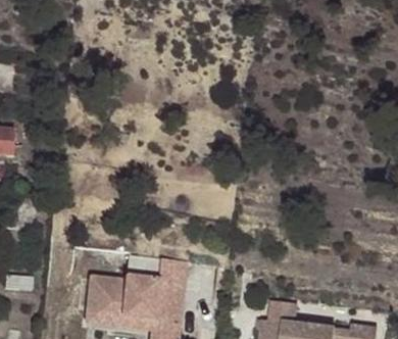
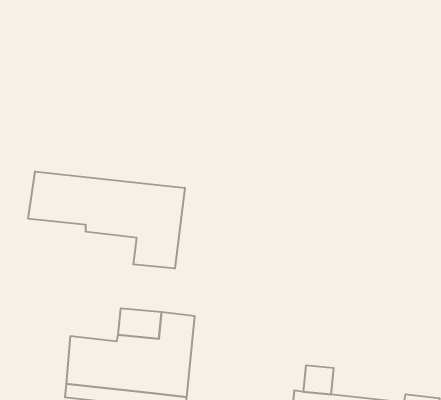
building: none -> [28,171,185,269]

